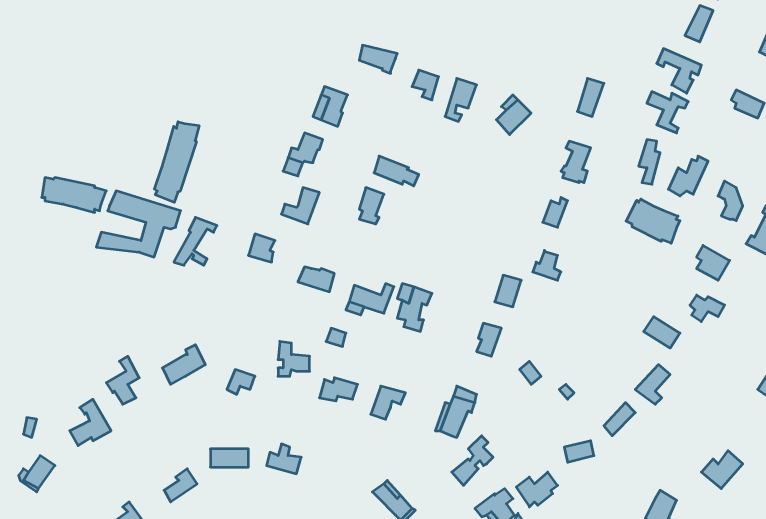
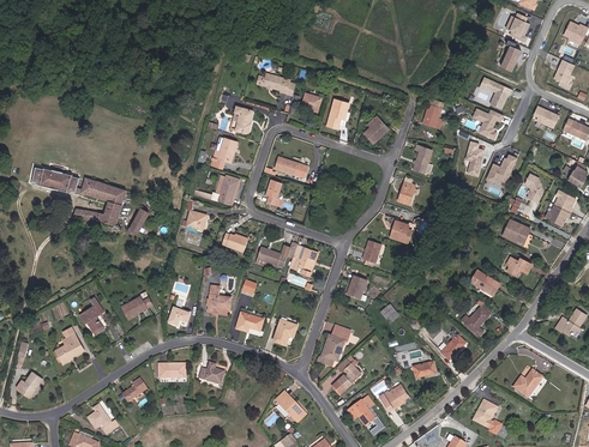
building: [154,122,199,202] -> none
building: [626,199,680,243] -> none

